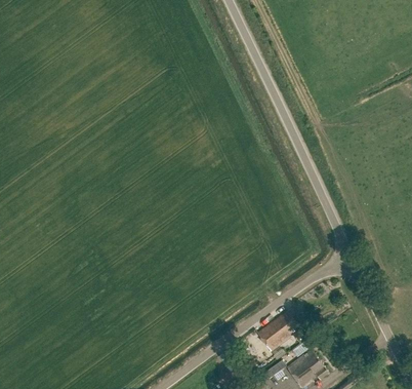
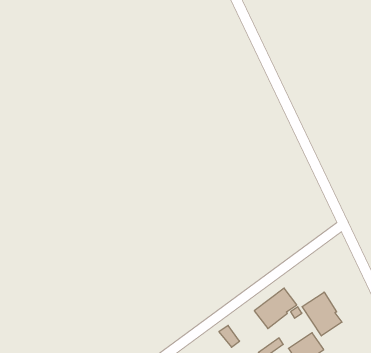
building: none -> [302,292,342,336]

